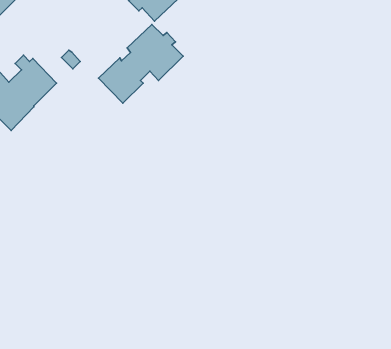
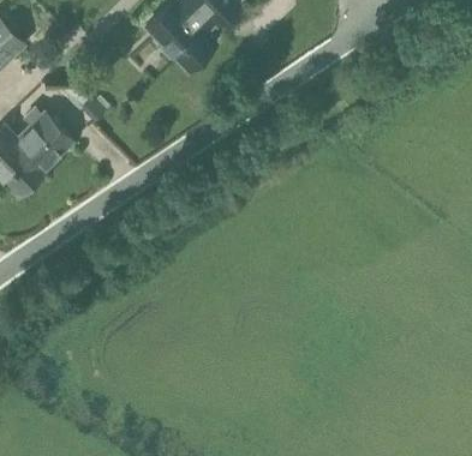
building: [98,24,183,103] -> none

